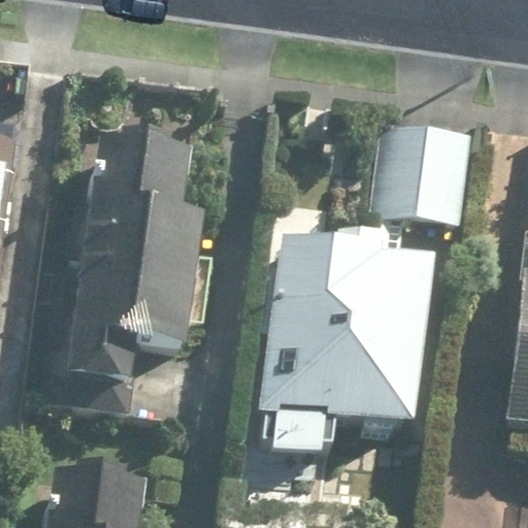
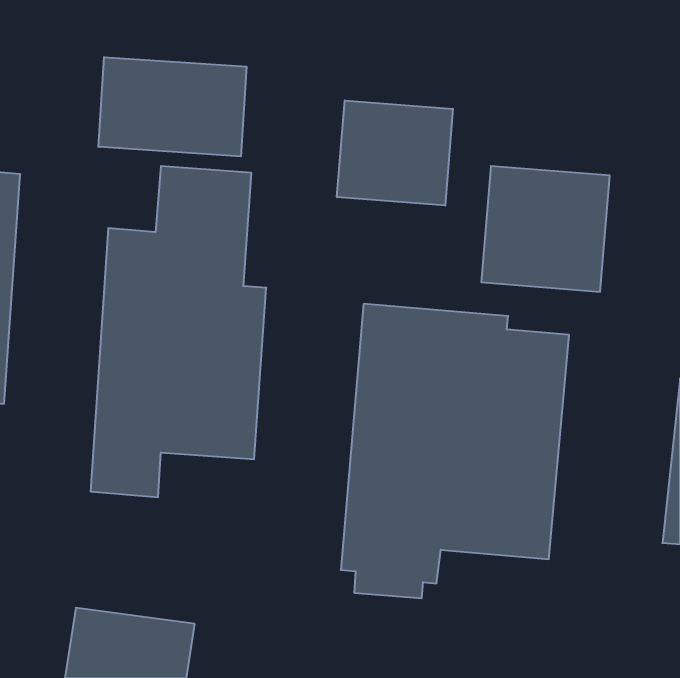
building: none -> [98,57,247,156]
building: none -> [337,100,453,206]

